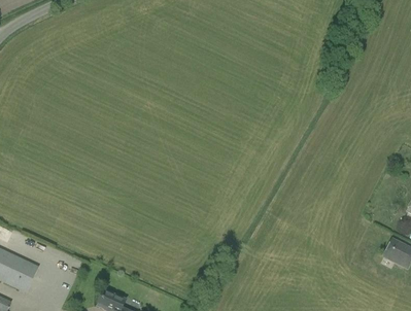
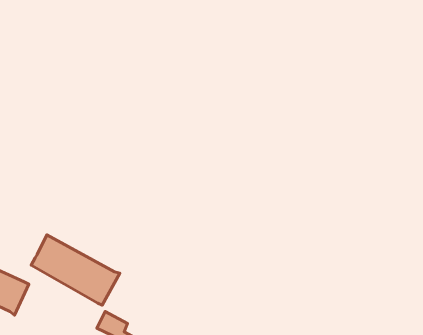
building: none -> [31,235,120,305]

